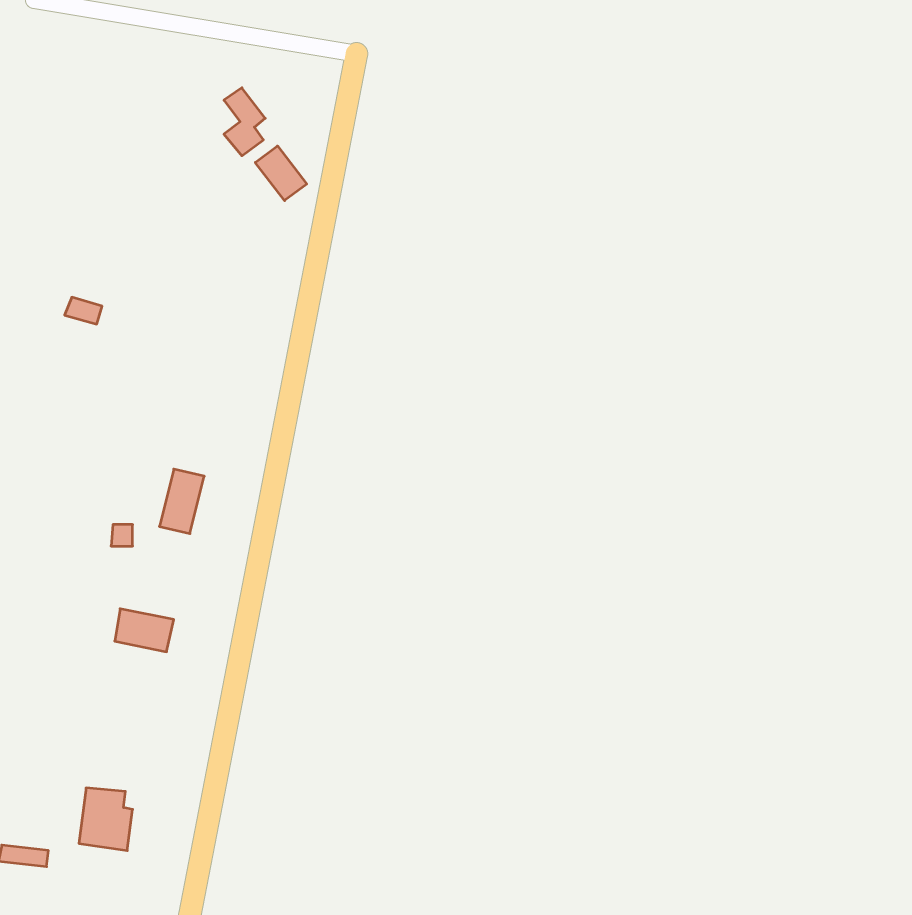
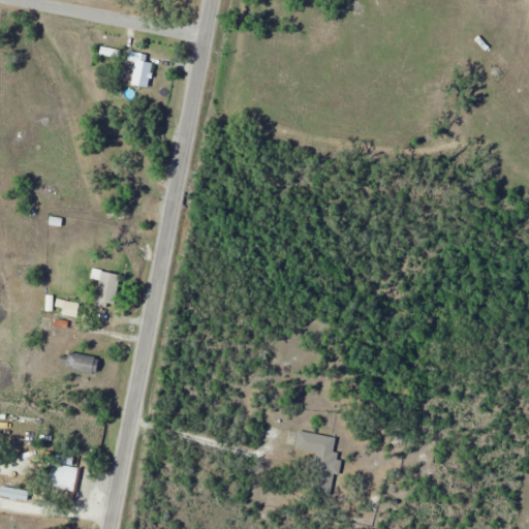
building: [255,146,307,201] -> none
building: none -> [294,431,339,479]

